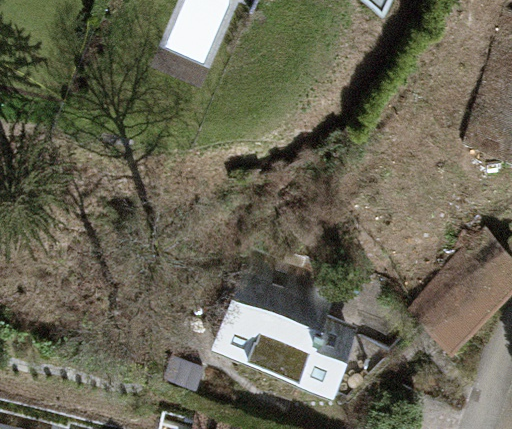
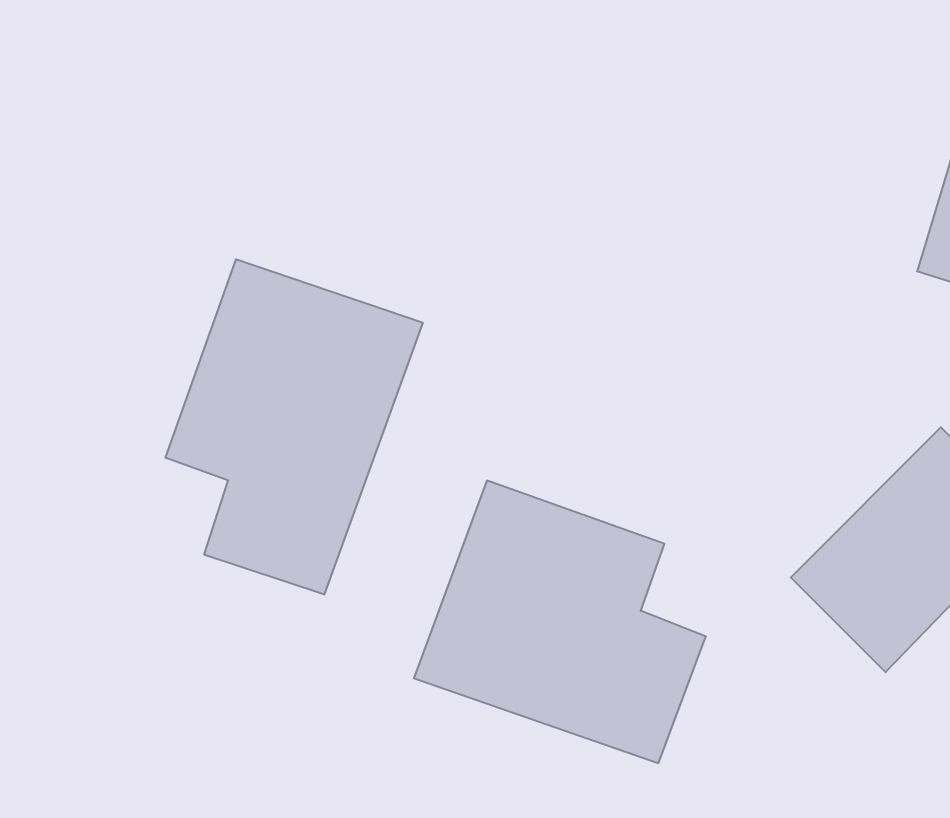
building: none -> [166,259,423,595]

